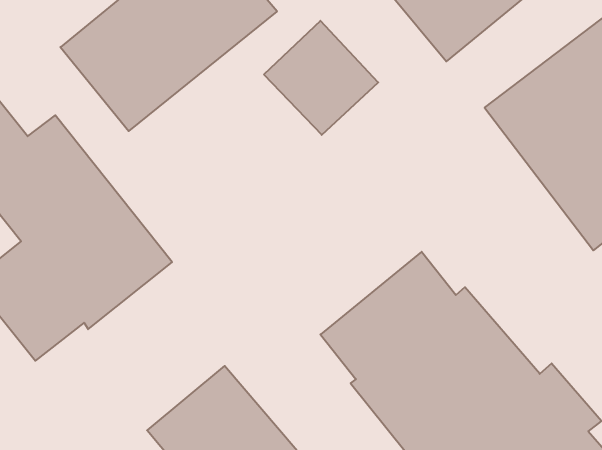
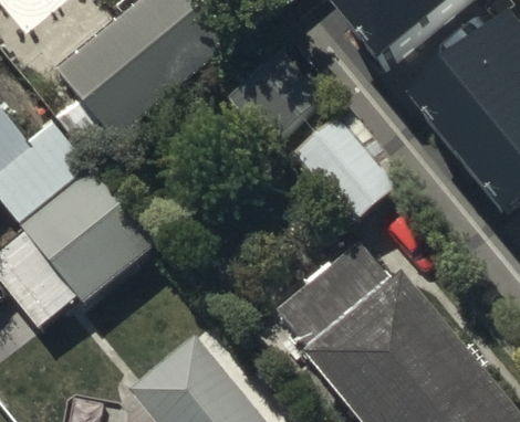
building: none -> [288,112,406,226]

